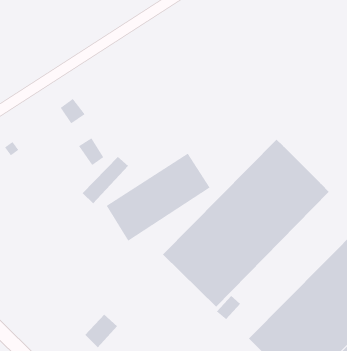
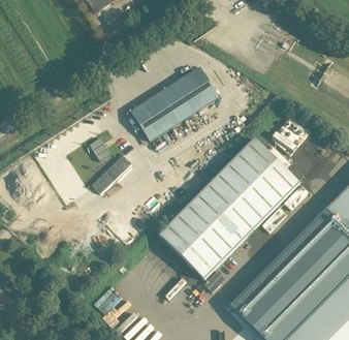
building: [106,153,210,242] -> [131,66,219,141]

